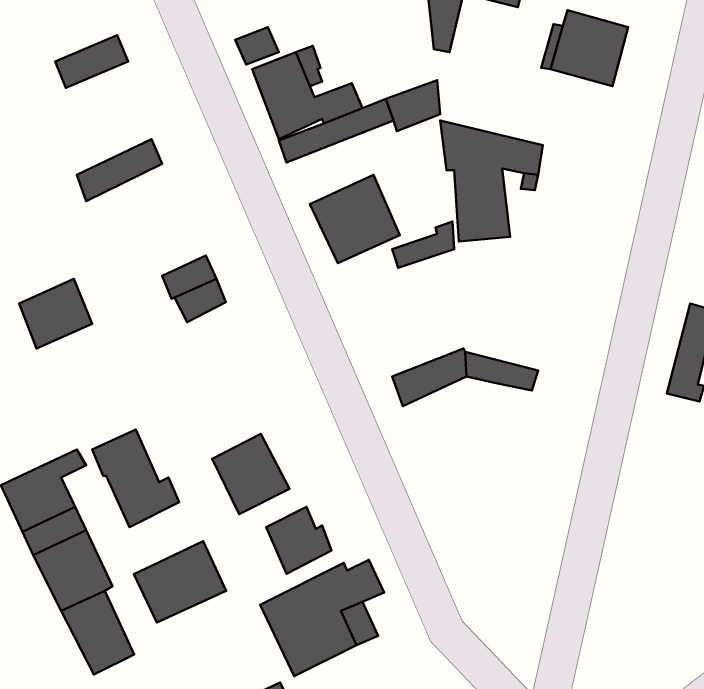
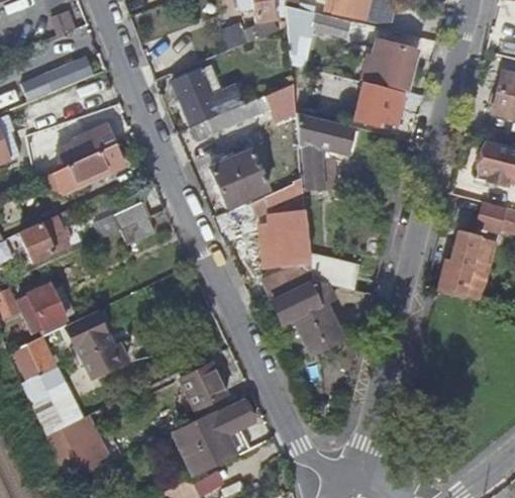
building: none -> [355,86,403,126]
building: none -> [45,141,124,192]
building: none -> [270,216,303,251]
building: none -> [18,282,74,331]
building: none -> [273,283,342,356]
building: [212,434,290,514] -> none
building: [134,541,226,622] -> none

